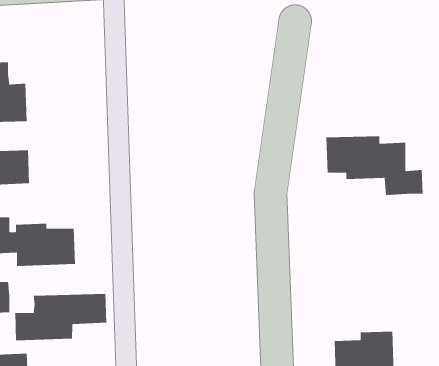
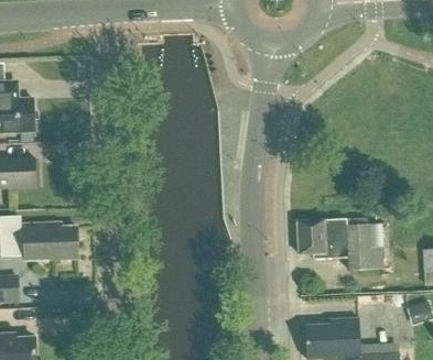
building: [326,136,424,195] -> [296,218,383,271]
building: [15,293,107,341] -> none

